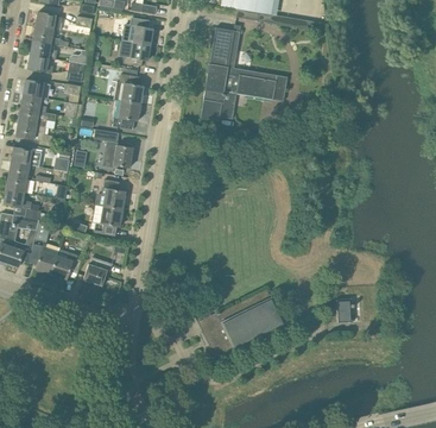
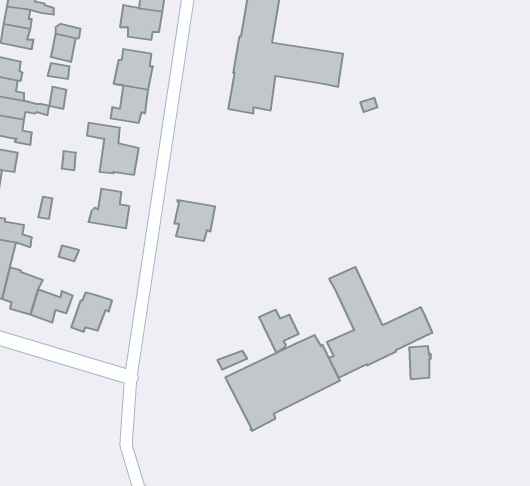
building: [91,203,122,234] -> [174,200,215,241]
building: none -> [327,267,432,378]
building: none -> [259,310,299,353]

